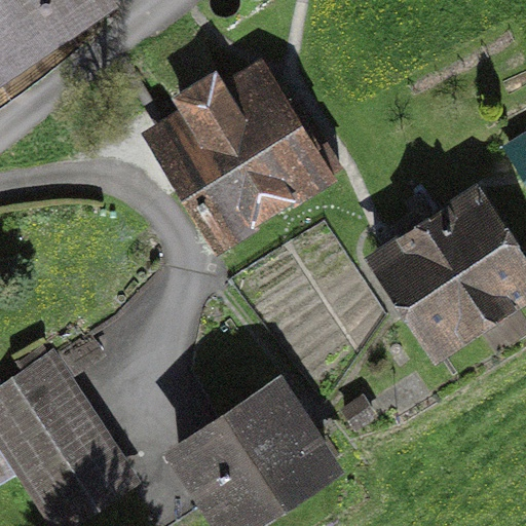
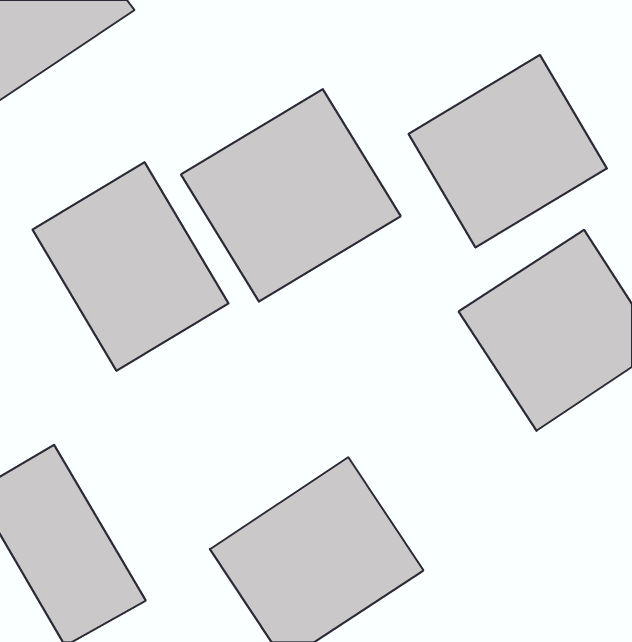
building: none -> [409,55,607,248]
building: none -> [33,162,228,371]

